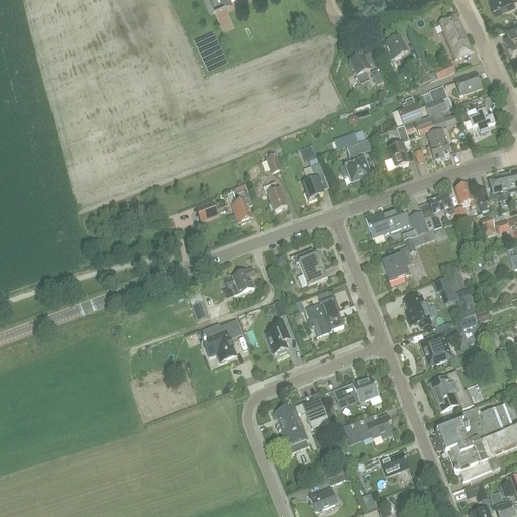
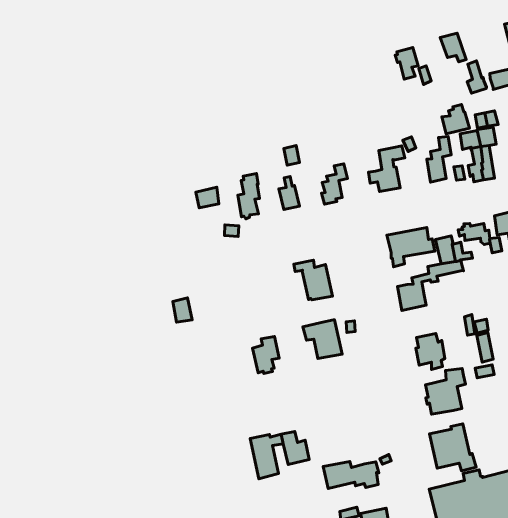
building: [224,267,255,295] -> none
building: [204,320,240,361] -> none
building: [333,375,381,404] -> none

